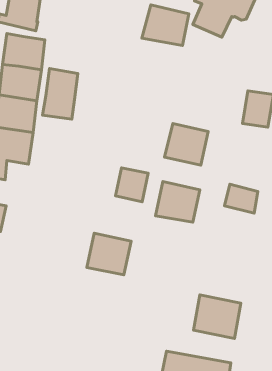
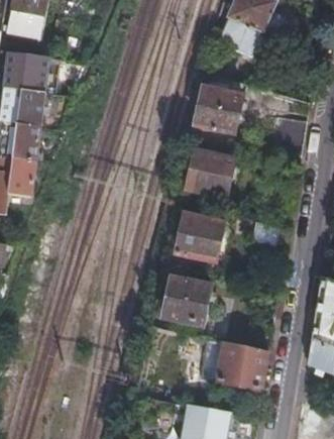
building: [142,5,189,46] -> [189,86,241,131]
building: [43,69,78,119] -> none
building: [116,168,148,202] -> none
building: [87,233,131,275] -> [161,278,211,324]

